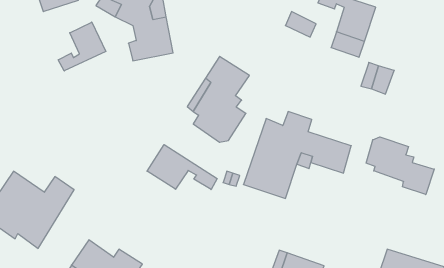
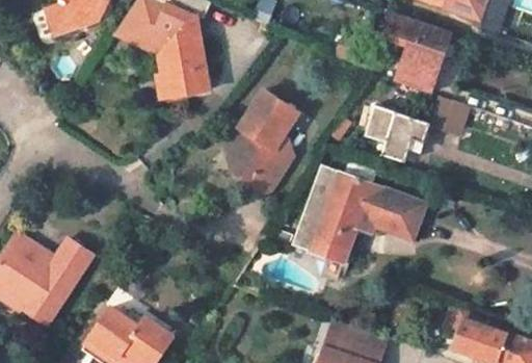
building: [58,22,106,71] -> none
building: none -> [362,104,428,162]
building: [366,137,434,195] -> none
building: [147,145,217,190] -> none

